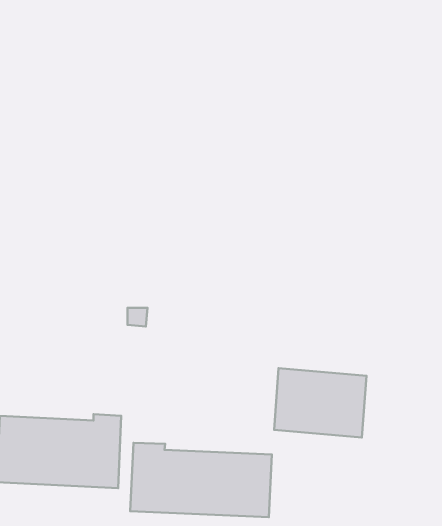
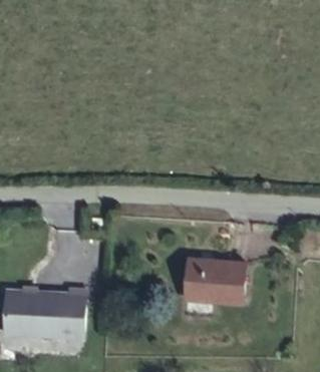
building: [130,443,272,517] -> none

